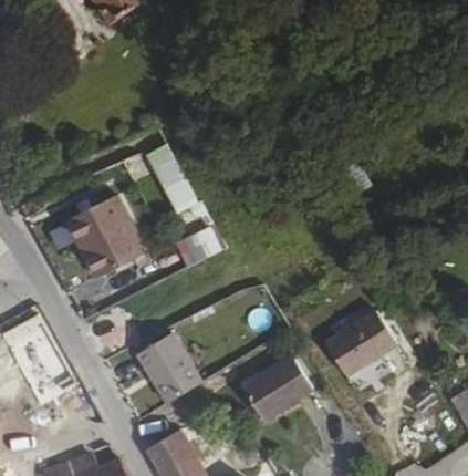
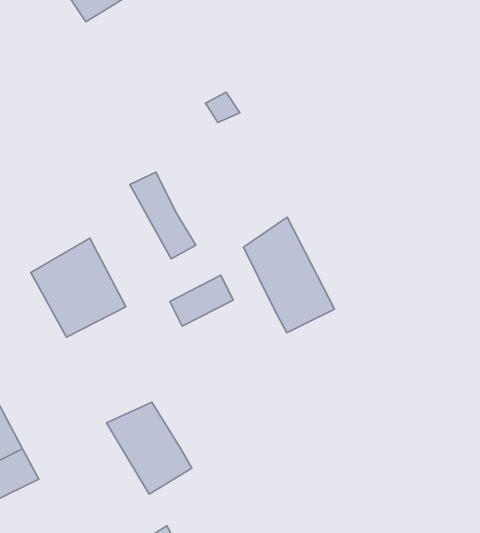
building: none -> [244,217,334,333]
building: [326,315,396,377] -> none
building: [243,358,311,418] -> none

